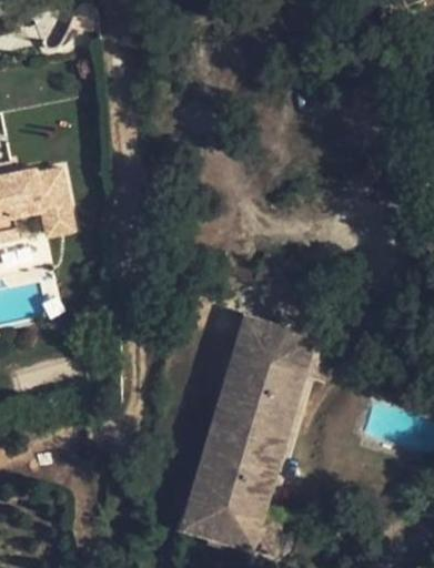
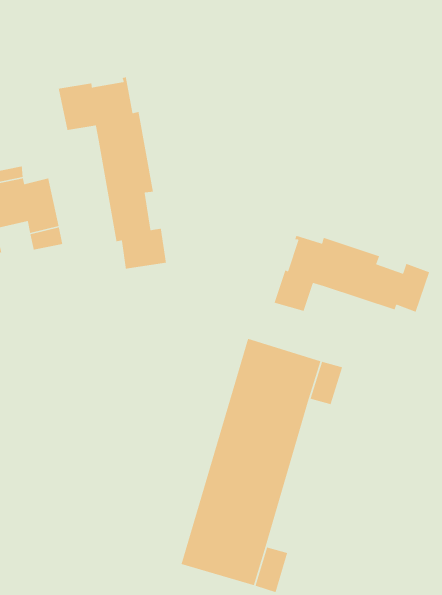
building: none -> [58,77,167,269]
building: none -> [274,235,430,313]

